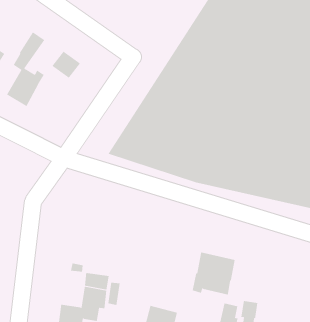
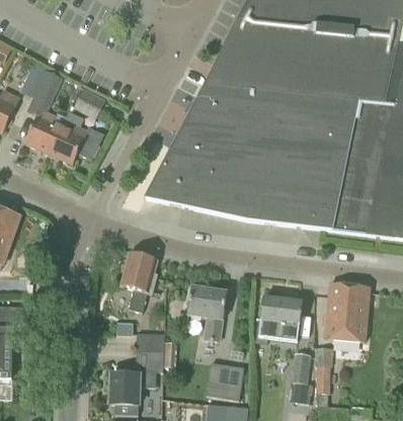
building: none -> [20,60,48,95]
building: none -> [50,110,103,165]
building: none -> [122,252,154,312]
building: none -> [187,287,227,340]
building: none -> [324,282,369,341]

